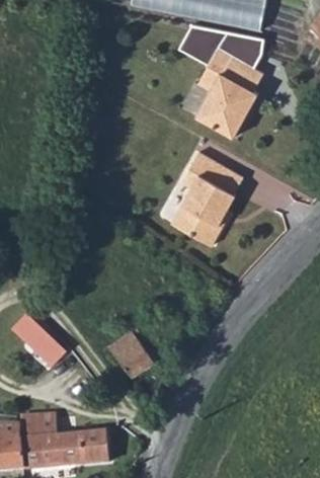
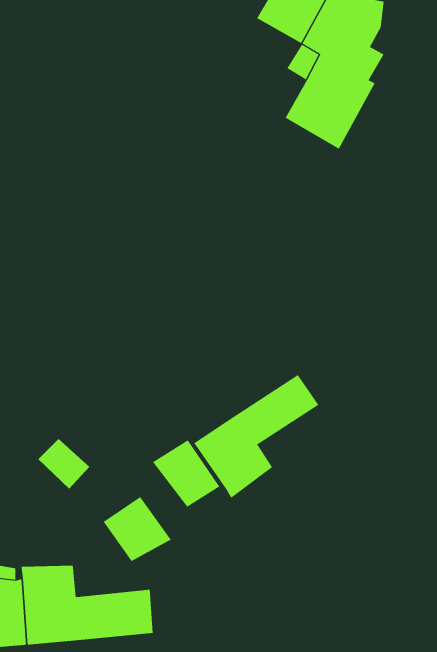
building: [171,152,242,244] -> none
building: none -> [194,374,319,498]
building: none -> [103,496,171,562]

